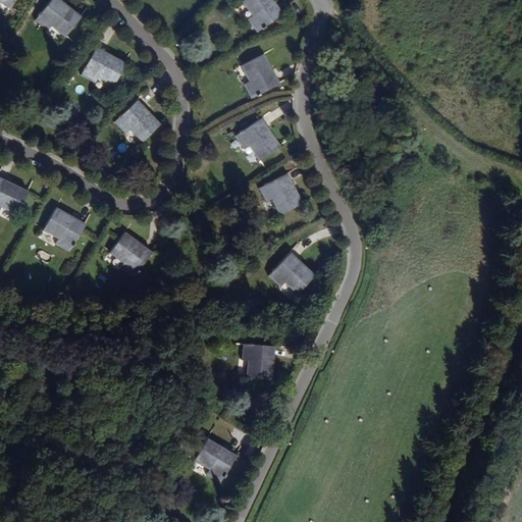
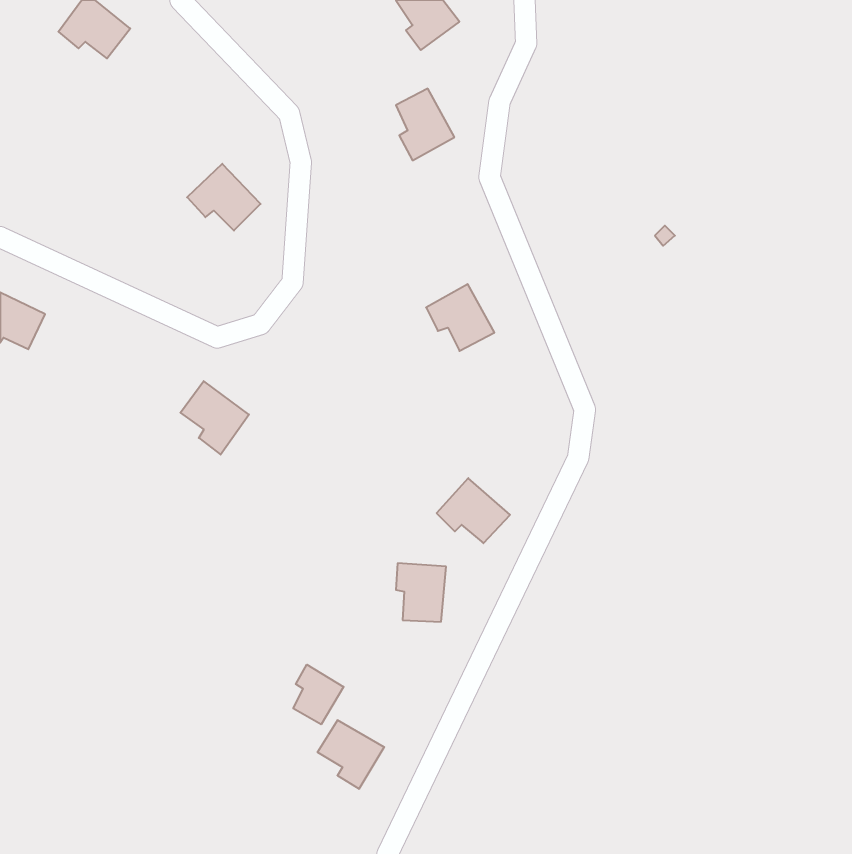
building: [82,48,125,84] -> none
building: [237,118,280,159] -> none
building: [45,208,87,251] -> none
building: [271,254,316,294] -> [437,478,510,543]
building: none -> [293,665,344,724]

